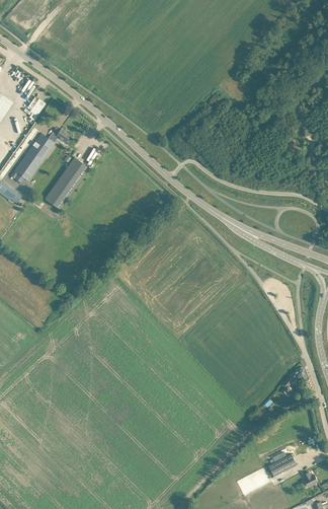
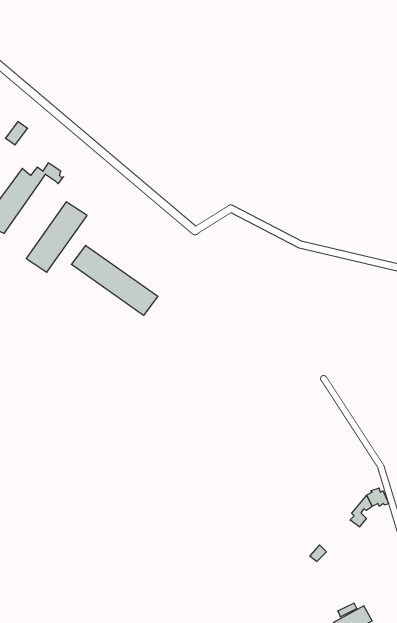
building: none -> [71,245,158,315]

